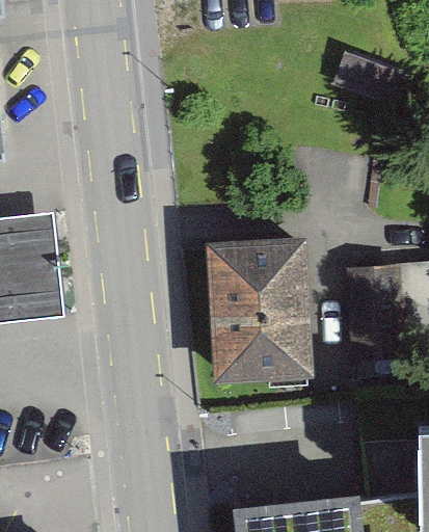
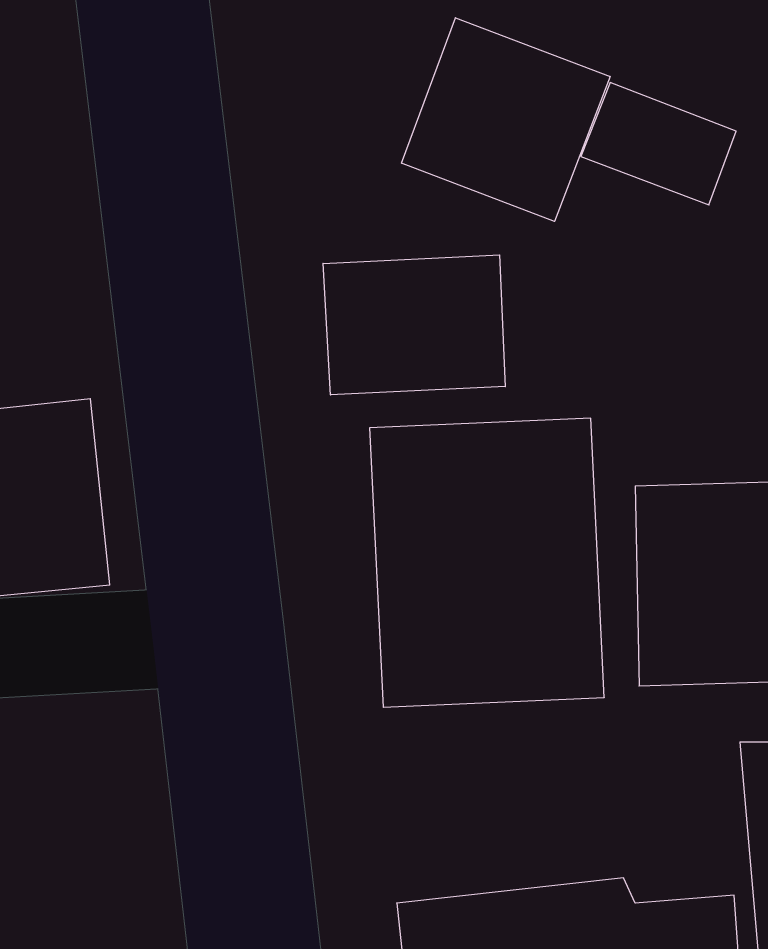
building: none -> [402,18,610,221]
building: none -> [323,255,505,395]

